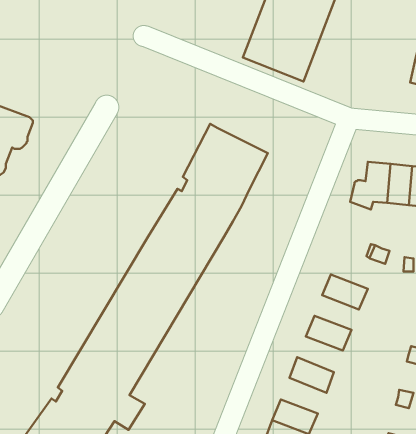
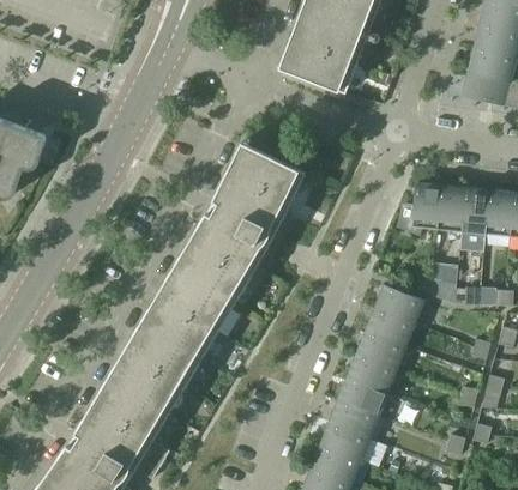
building: none -> [374,284,423,323]
building: none -> [356,331,405,369]
building: none -> [337,376,387,416]
building: none -> [319,422,369,461]

